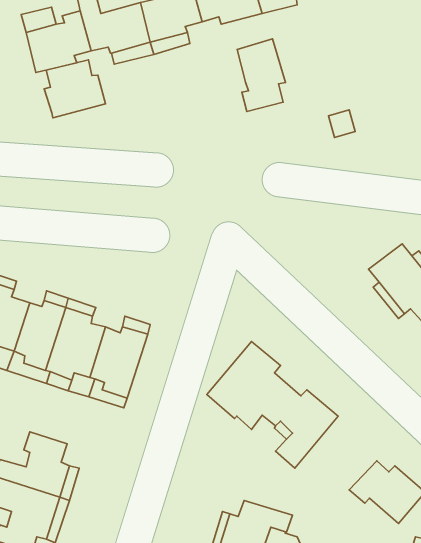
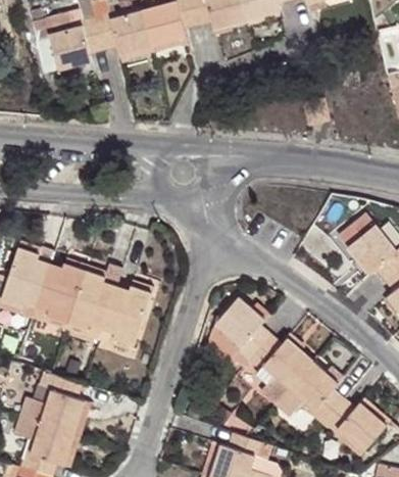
building: [237,39,285,112] -> none
building: [44,60,105,118] -> none
building: none -> [276,362,345,424]

